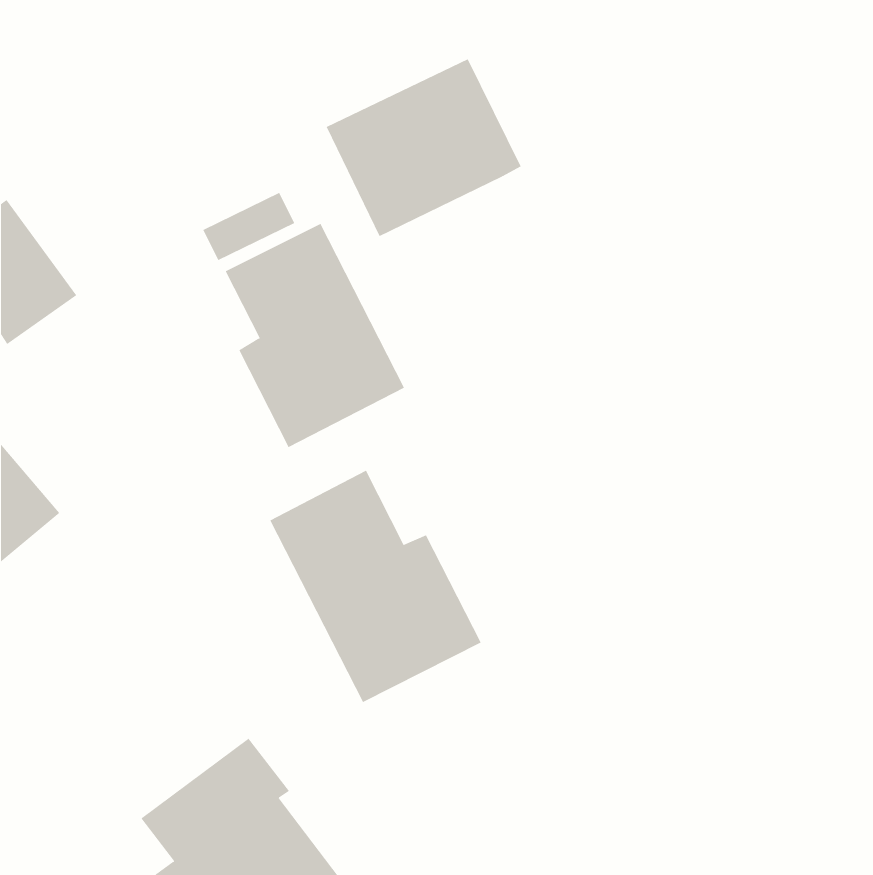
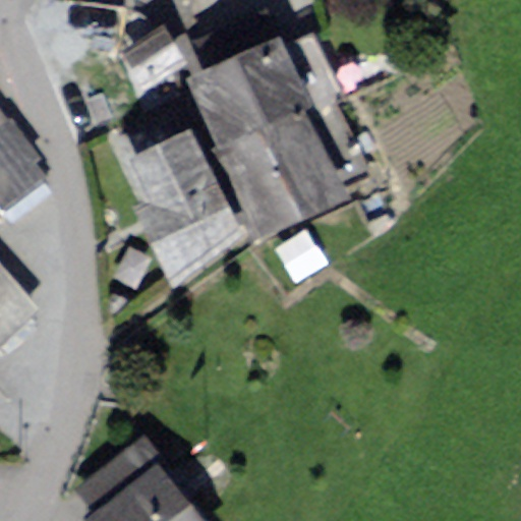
building: none -> [217,106,341,231]
building: [269,470,481,703] -> none

